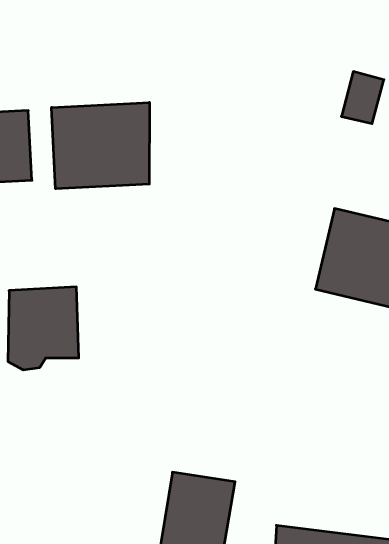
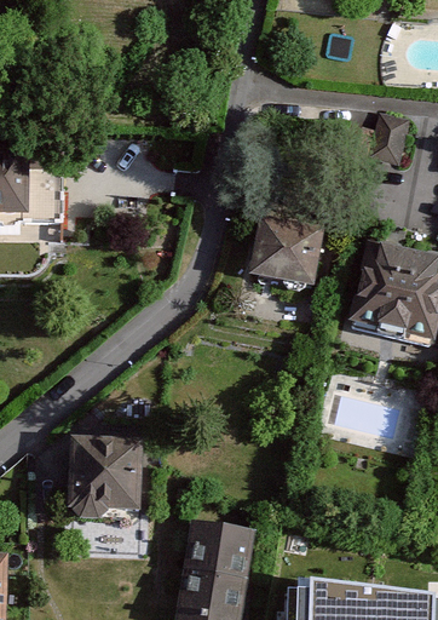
building: [52,102,149,189] -> none
building: none -> [244,226,328,305]
building: [8,287,79,370] -> [71,435,144,519]

